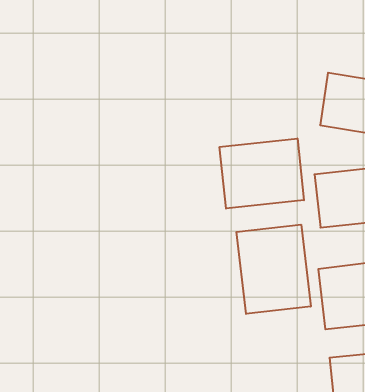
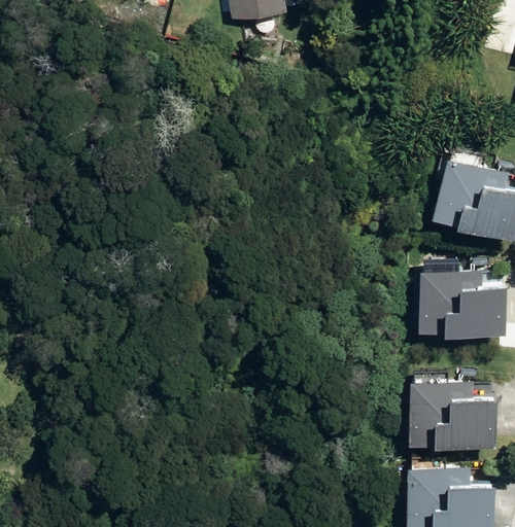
building: [220,138,304,209] -> none
building: [237,225,311,314] -> none

